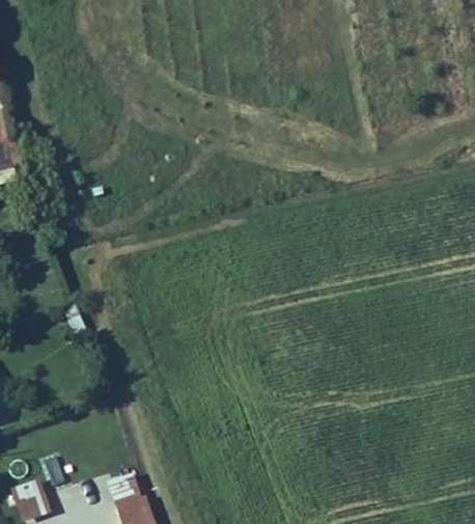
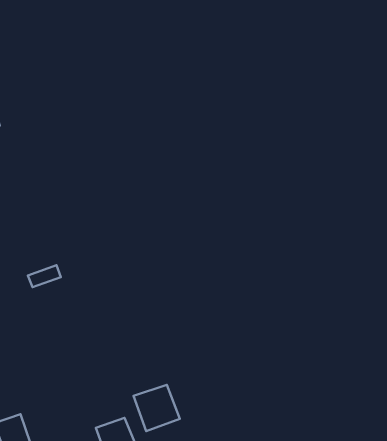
building: none -> [134,385,180,431]

